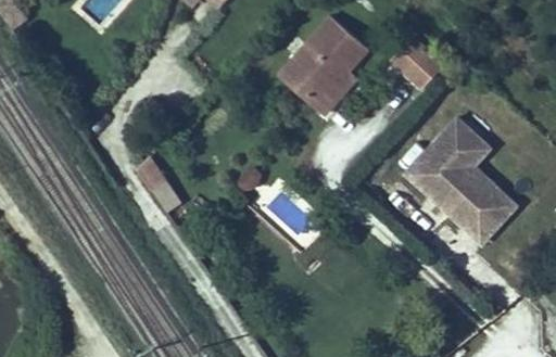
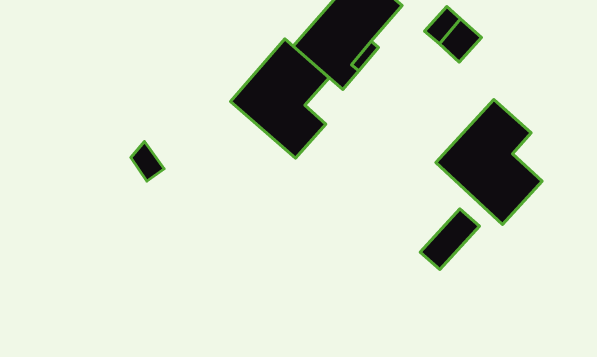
building: none -> [230,39,329,158]
building: [462,193,514,246] -> [420,209,480,270]

